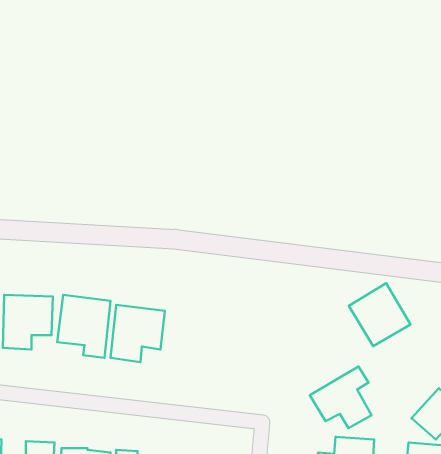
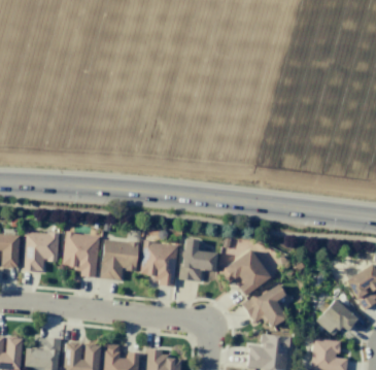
building: [349,283,411,346] -> [226,249,270,295]
building: none -> [181,238,217,280]
building: none -> [141,241,177,285]

